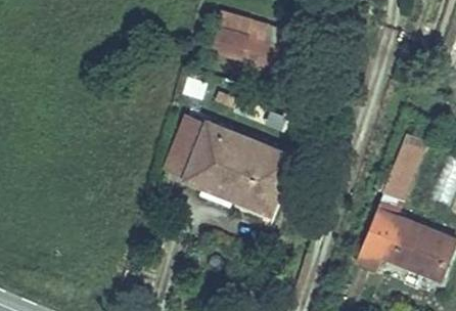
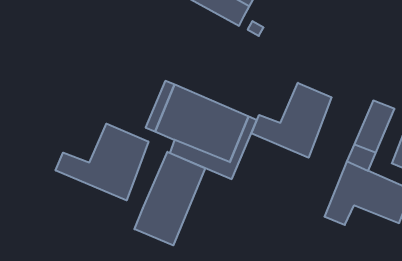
building: none -> [251,83,332,158]
building: none -> [56,124,148,200]
building: none -> [134,152,205,245]

